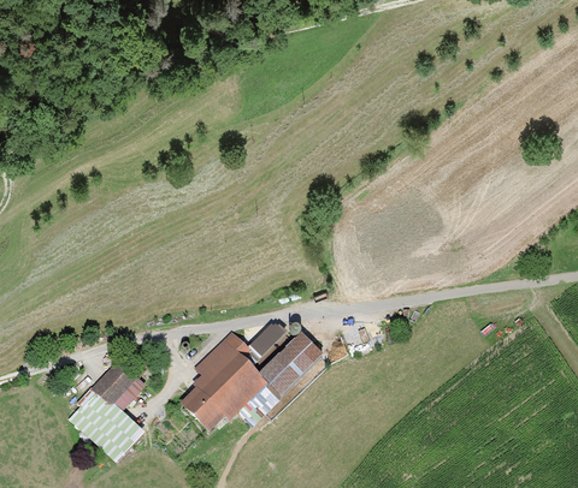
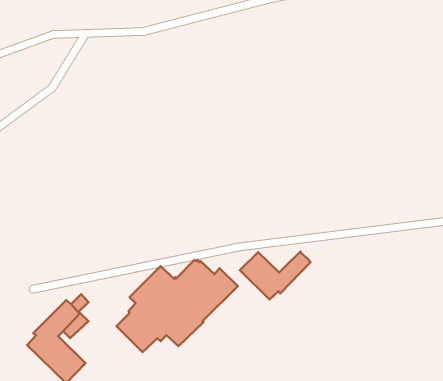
building: none -> [240,252,311,300]

